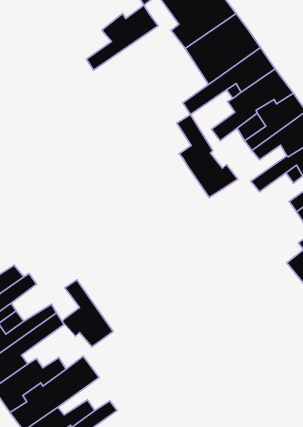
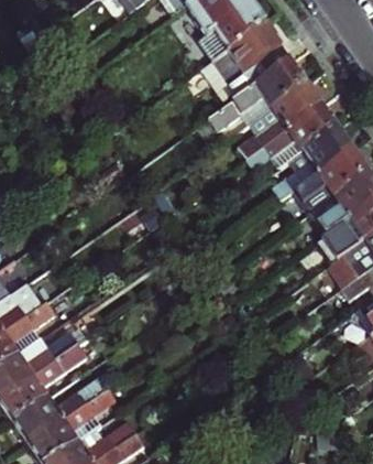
building: [87,5,158,70] -> none
building: [177,114,238,198] -> none
building: [62,280,113,347] -> none

